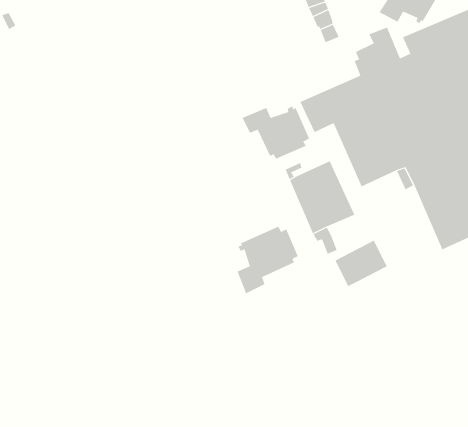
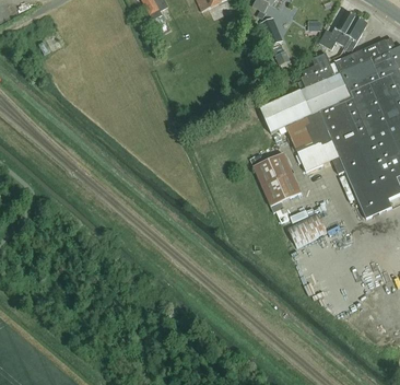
building: [242,106,310,159] -> none
building: [237,226,299,294] -> none

